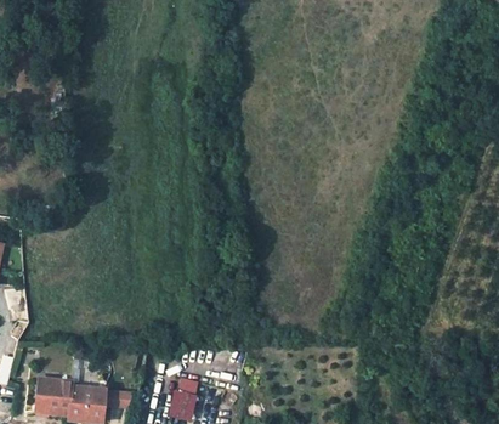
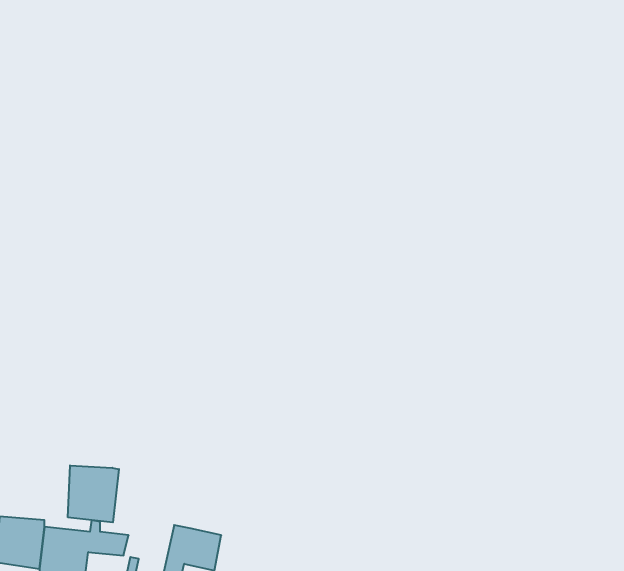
building: none -> [68,465,119,522]

